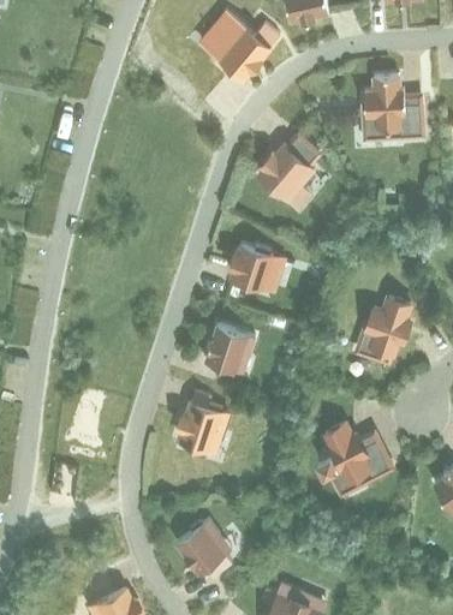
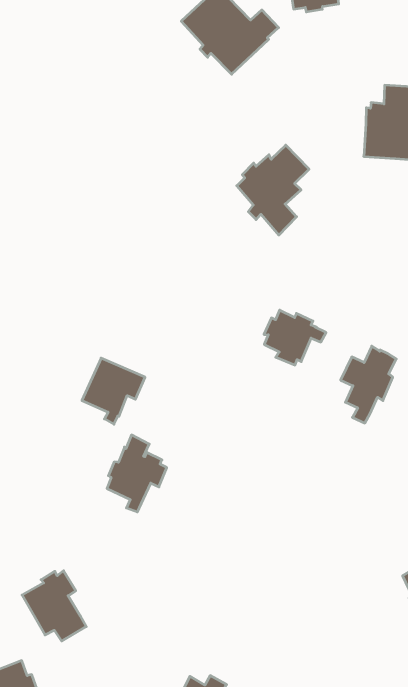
building: [232,246,284,291] -> [264,310,326,365]
building: [205,324,256,378] -> [82,358,145,424]
building: [318,424,393,483] -> none
building: [177,519,233,578] -> [22,571,86,641]

